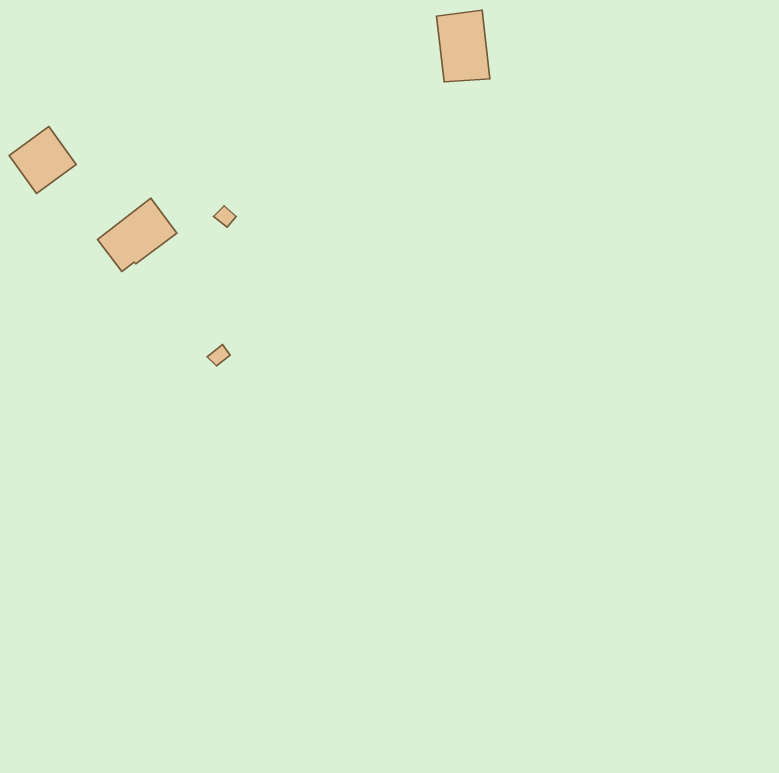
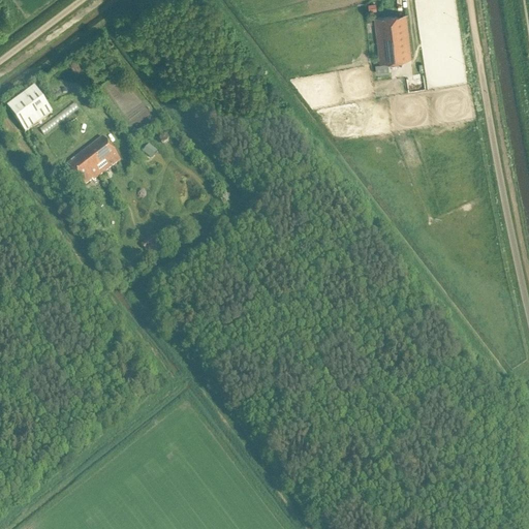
building: [436,10,490,82] -> [374,9,410,58]

